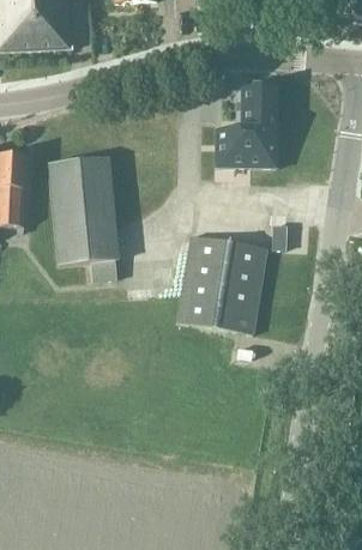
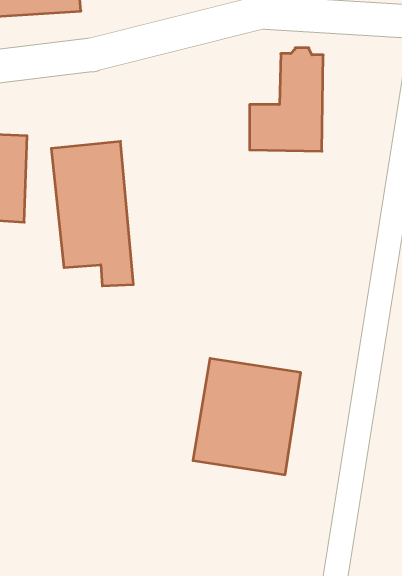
building: [176,234,267,332] -> [193,358,301,475]

